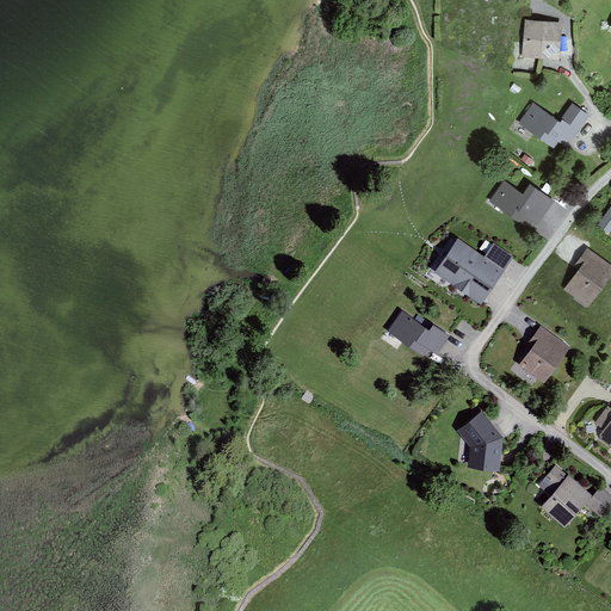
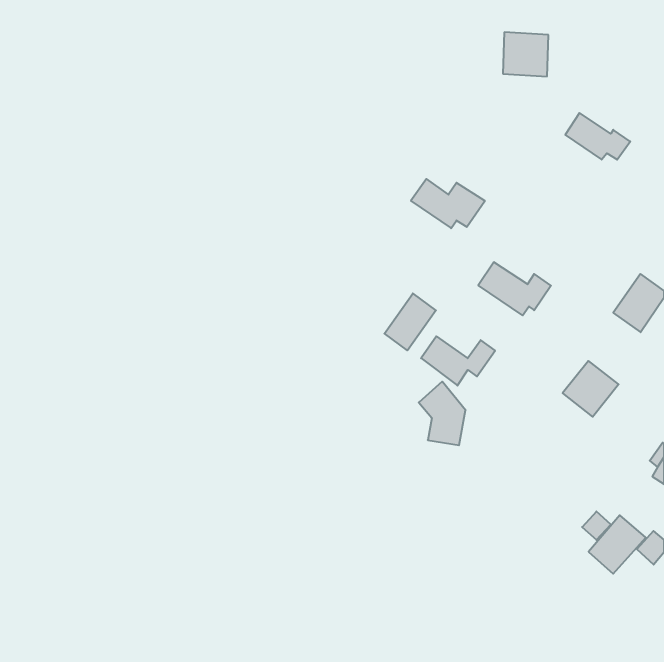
building: [521,20,563,61] -> [503,32,548,76]
building: [488,180,556,226] -> [411,179,485,228]
building: none -> [384,293,436,350]
building: [458,411,501,469] -> [419,382,466,445]

